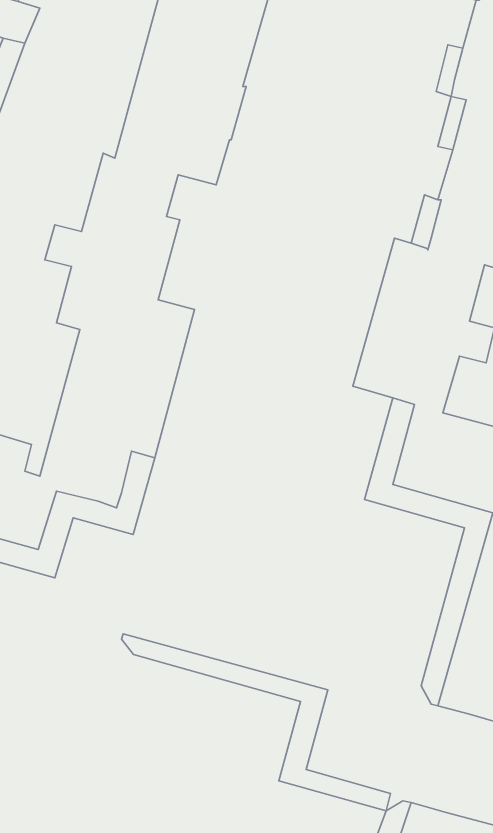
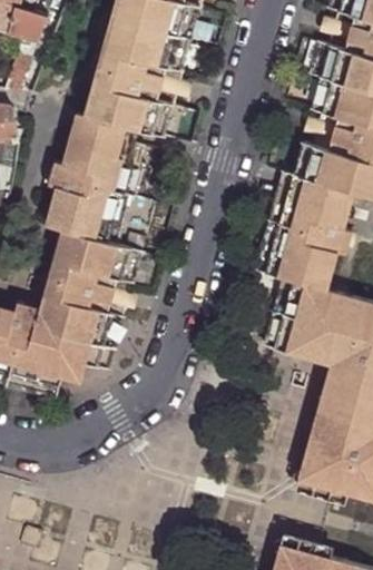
building: [121,634,390,811] -> none

